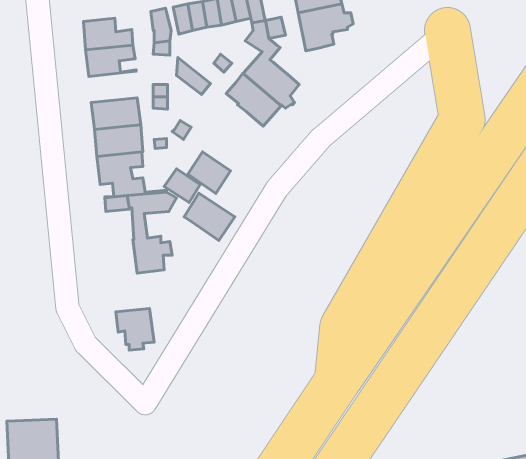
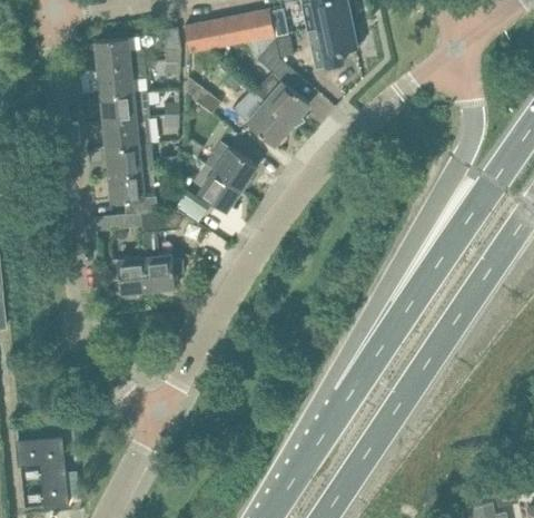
building: none -> [99,90,148,121]
building: [184,193,235,240] -> [205,143,255,189]
building: [116,309,154,350] -> [109,257,147,299]

